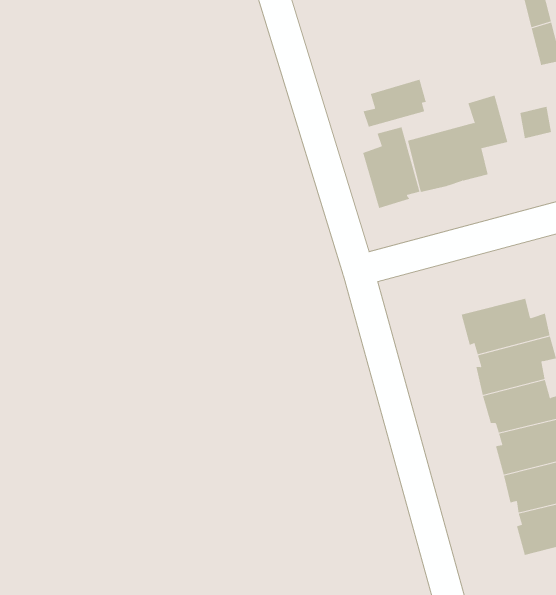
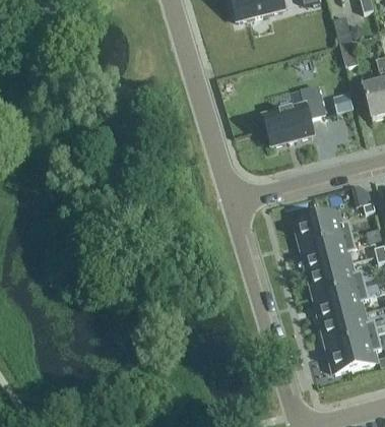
building: [363,79,427,128] -> none
building: [362,126,420,209] -> none

